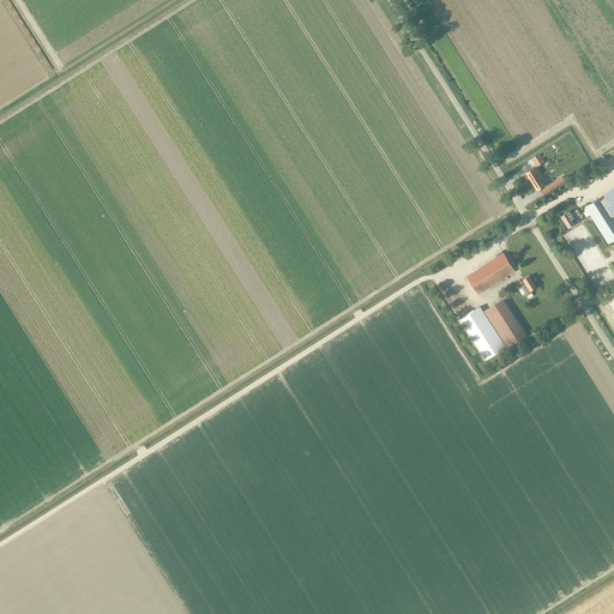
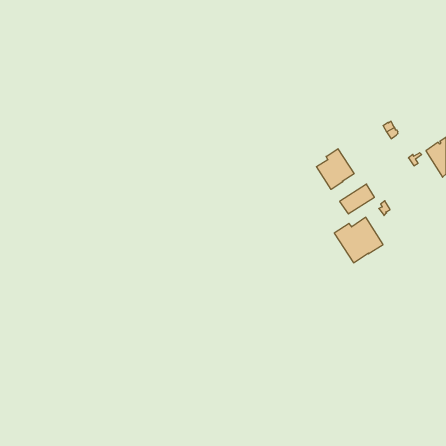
building: none -> [316,149,354,189]

